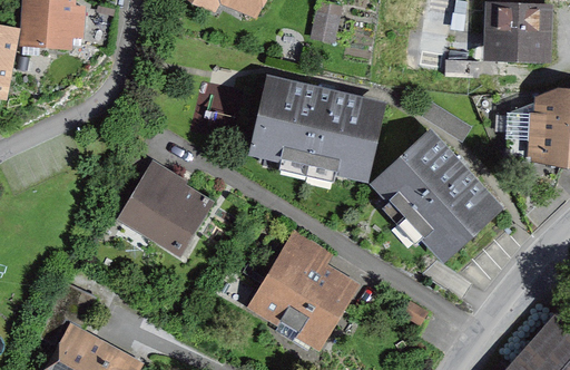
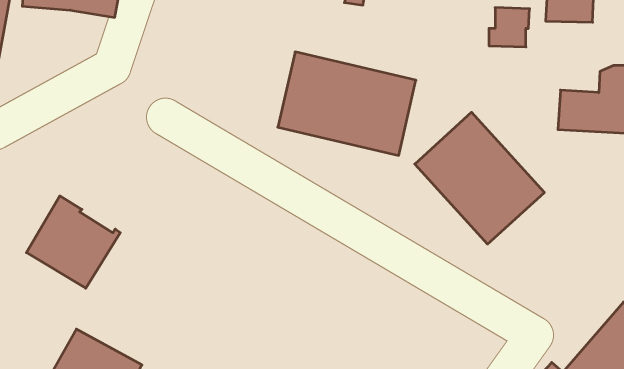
building: [124,166,208,250] -> [26,196,120,288]
building: [256,250,348,341] -> none

